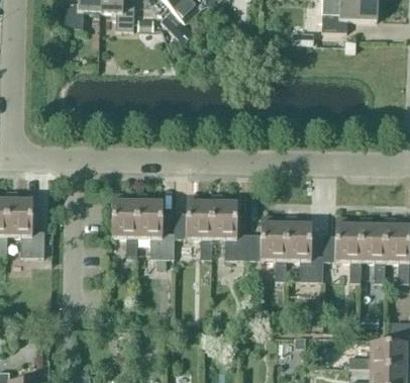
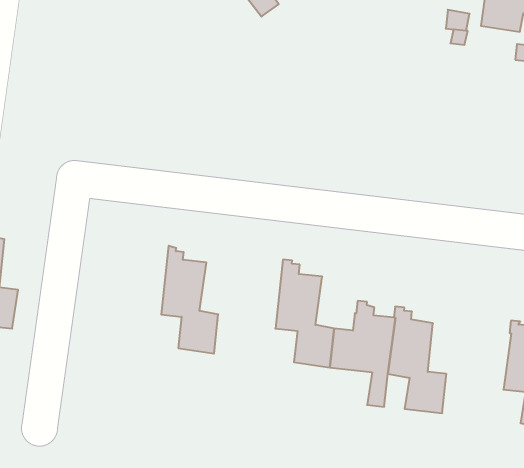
building: [111,192,137,257] -> none
building: [174,193,211,258] -> none
building: [323,216,362,281] -> none

